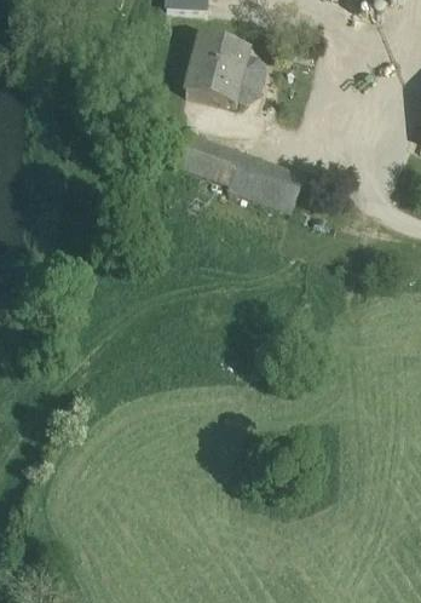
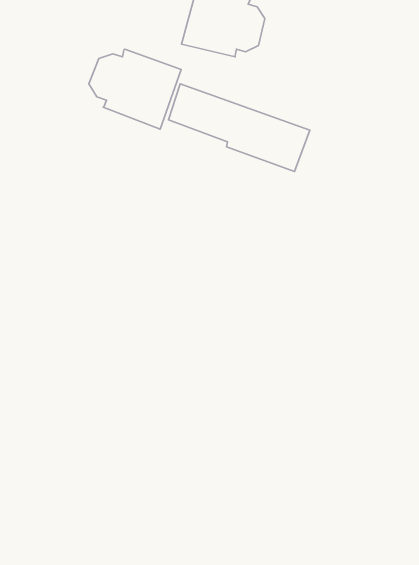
building: none -> [89,49,181,129]

